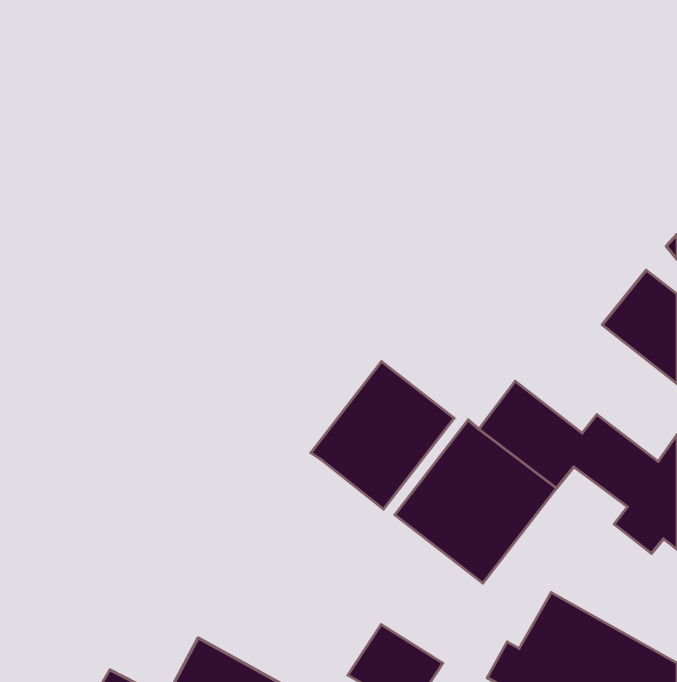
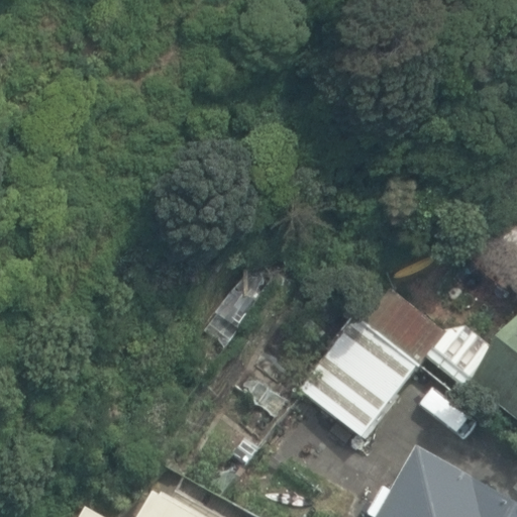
building: [311,362,454,509] -> none

